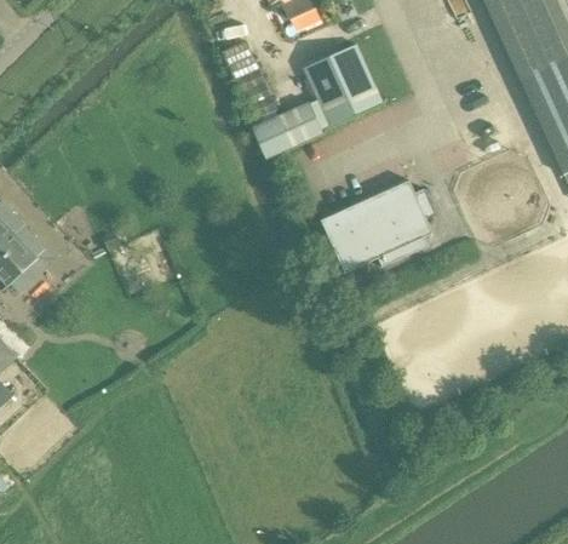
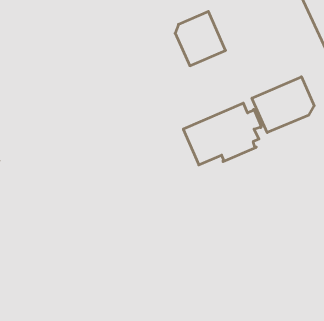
building: [252,99,323,158] -> none
building: none -> [252,77,314,133]

